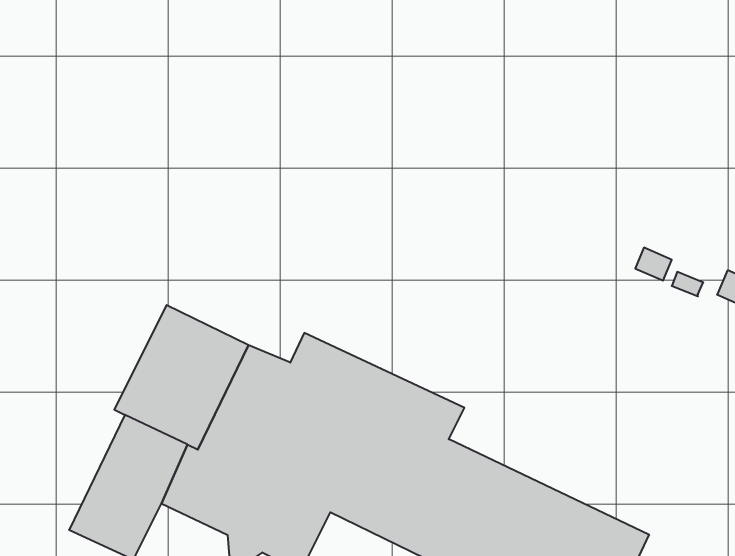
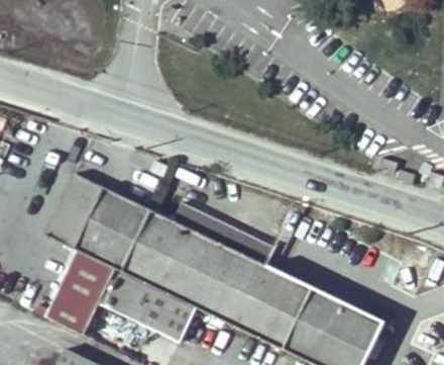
building: none -> [46,174,104,248]

